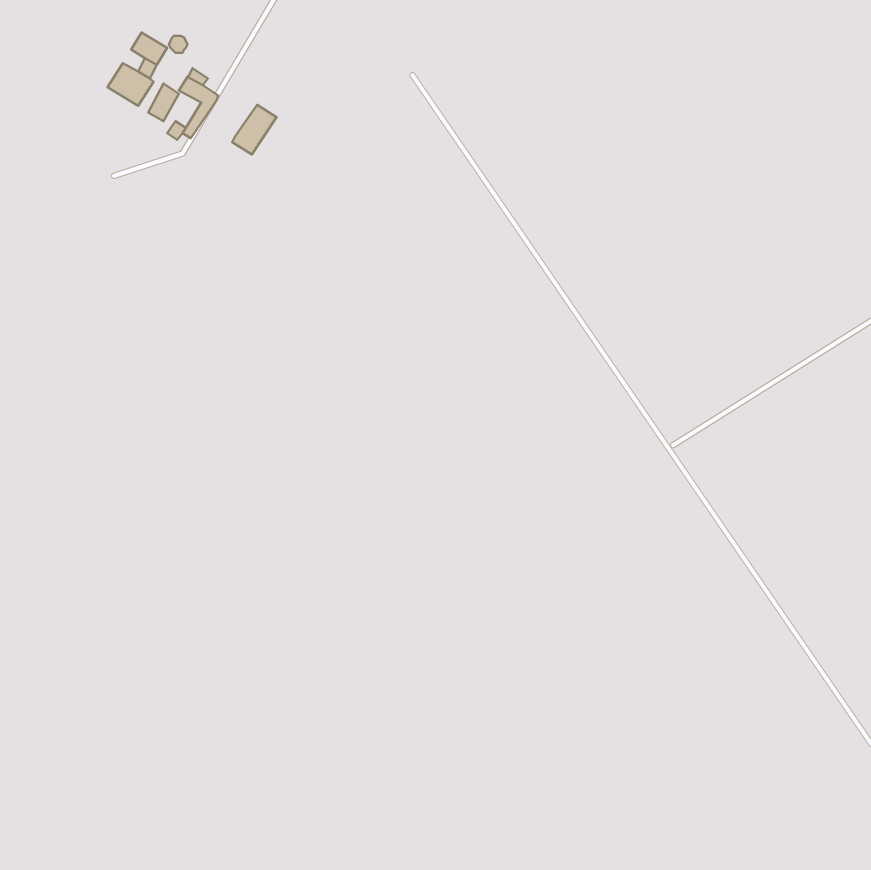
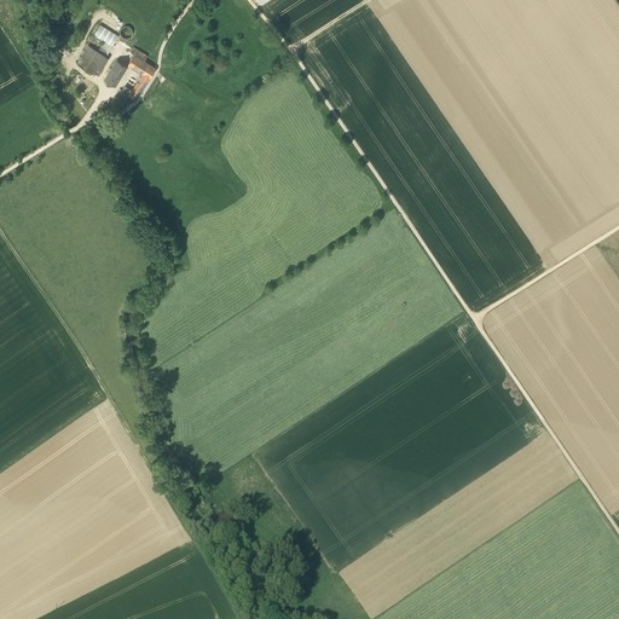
building: [232,105,277,154] -> none

